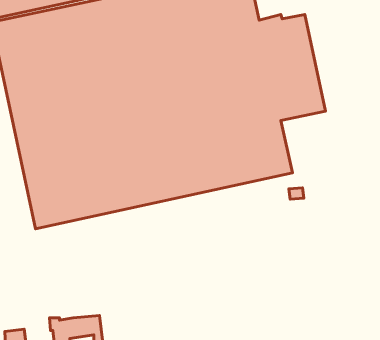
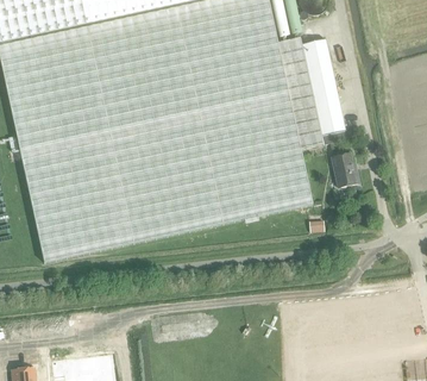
building: none -> [332,154,359,188]

